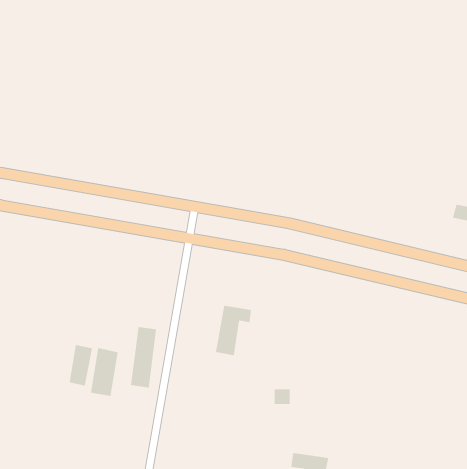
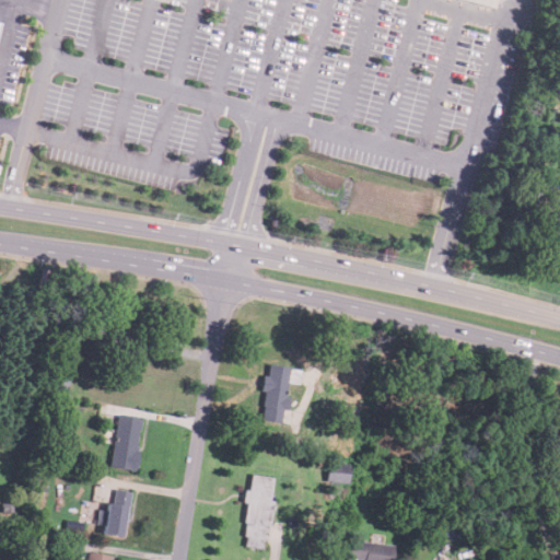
building: [130,326,157,388] -> [246,475,278,548]
building: [69,345,93,386] -> [104,489,132,538]

